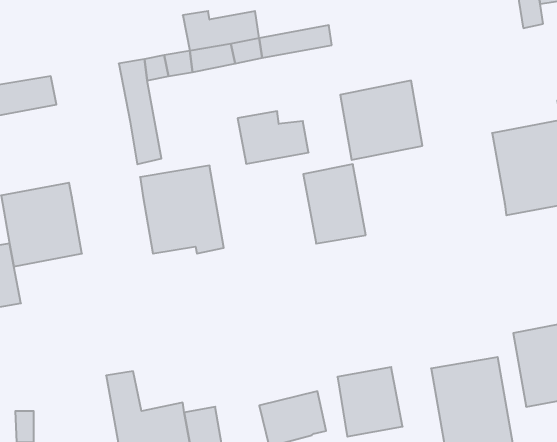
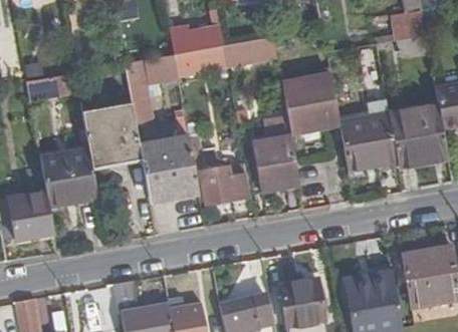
building: [238,111,309,164] -> [201,167,251,204]
building: none -> [83,104,142,158]
building: none -> [339,112,398,171]

